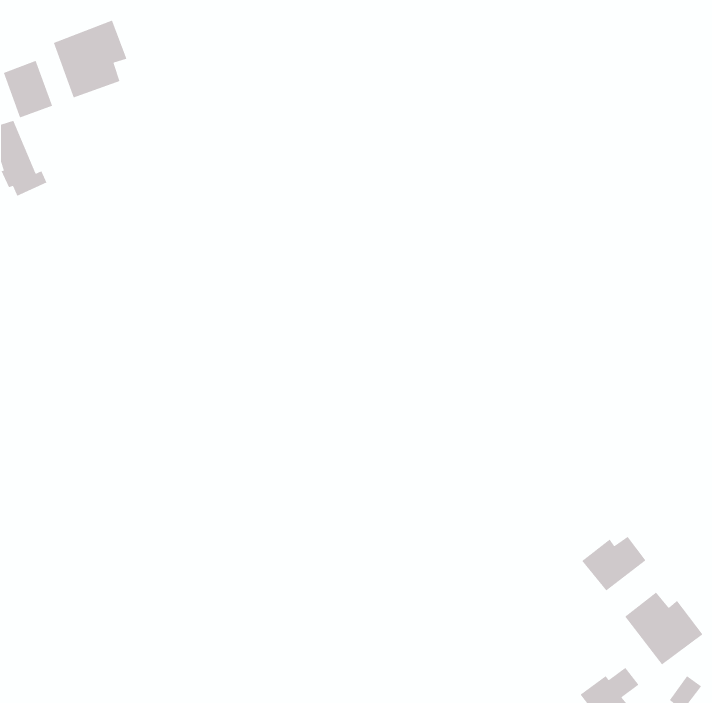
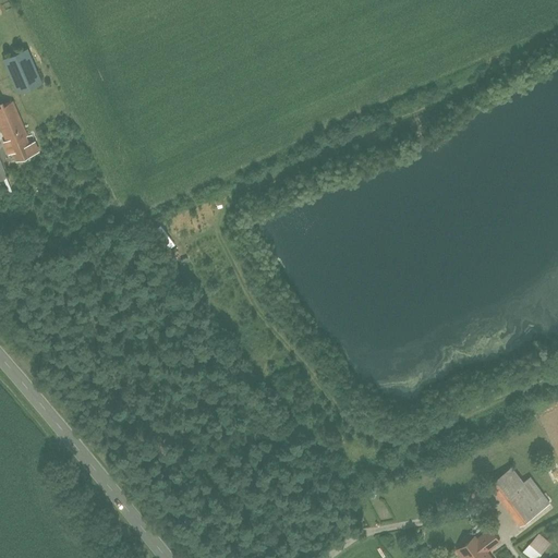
building: [53,20,127,98] -> none
building: [581,536,647,591] -> none

